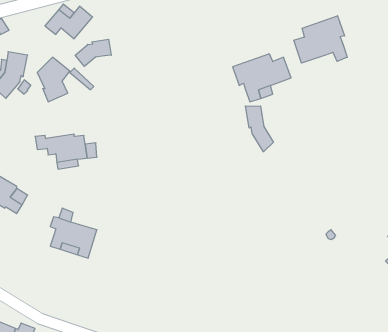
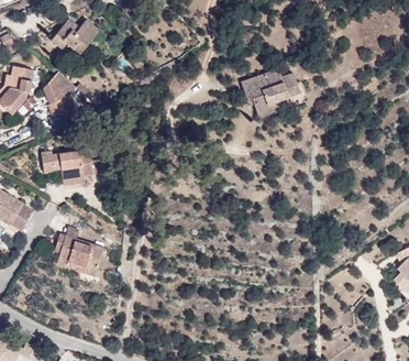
building: [294,16,347,63] -> none
building: [75,39,111,66] -> none
building: [245,106,273,152] -> none

